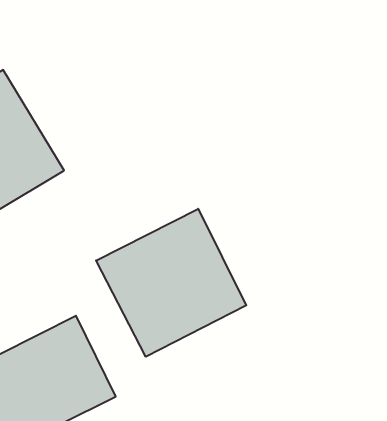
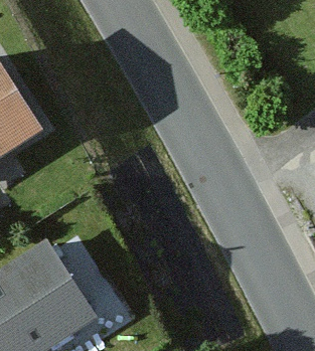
building: [96,209,246,357] -> none

